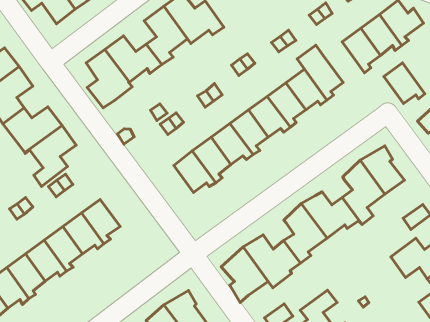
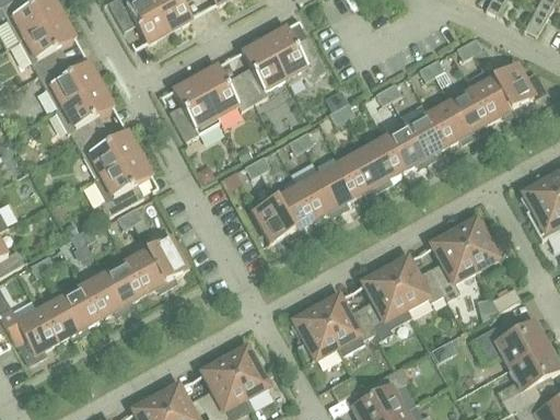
building: [384,63,425,104] -> [428,101,469,144]

